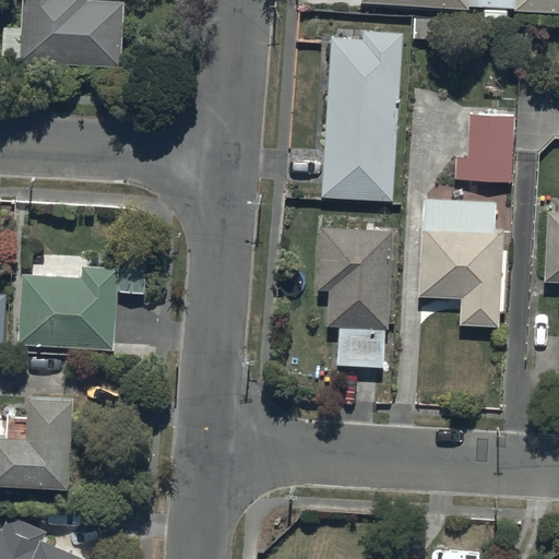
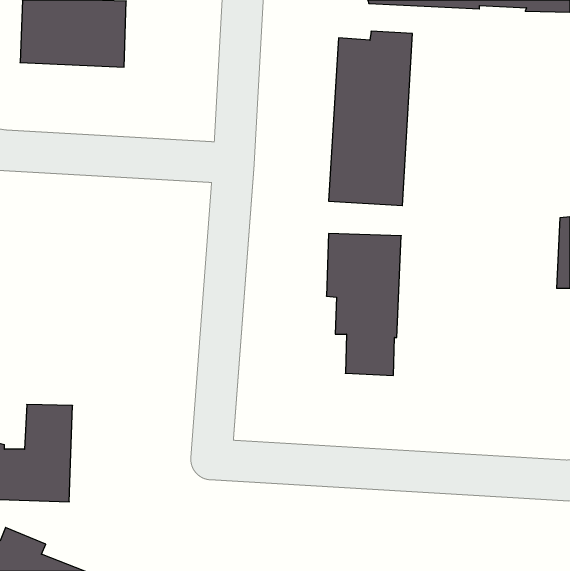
building: [454,115,512,181] -> none
building: [418,199,503,328] -> none
building: [19,248,146,348] -> none

